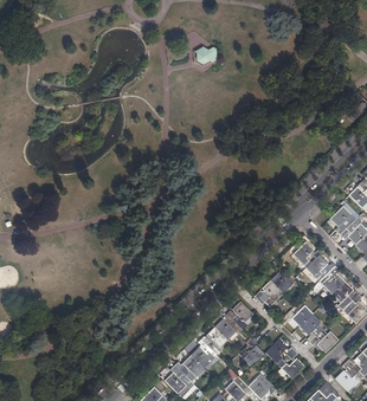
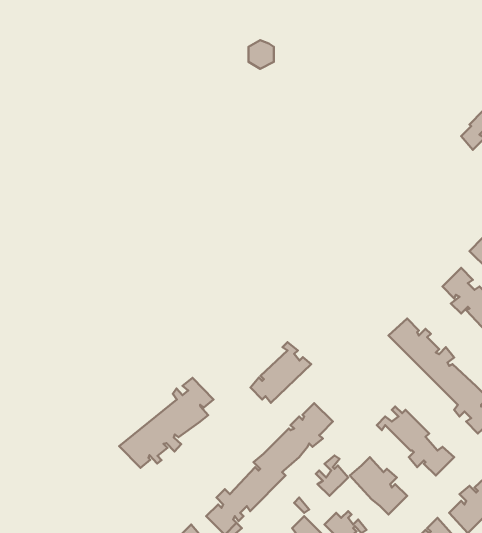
building: [255,264,297,306] -> [250,342,311,403]
building: none -> [119,378,214,468]

